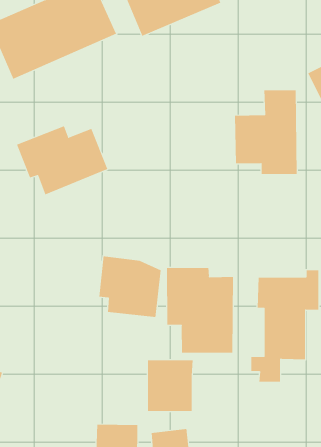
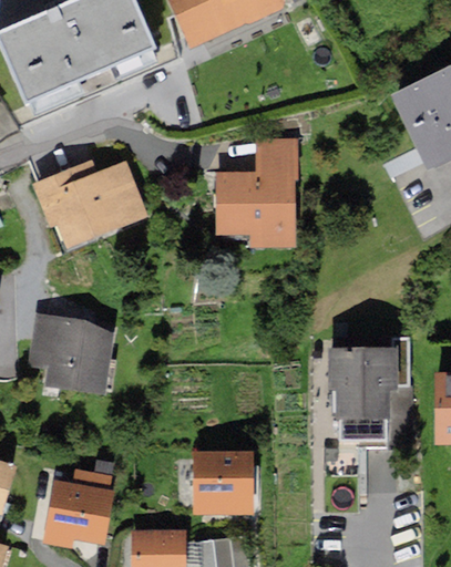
building: [234,90,297,174] -> [217,140,296,245]
building: [98,256,162,317] -> [32,315,111,391]
building: [166,267,234,353] -> none
building: none -> [42,471,111,547]

